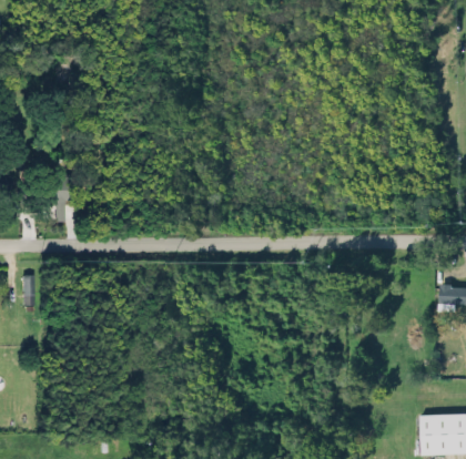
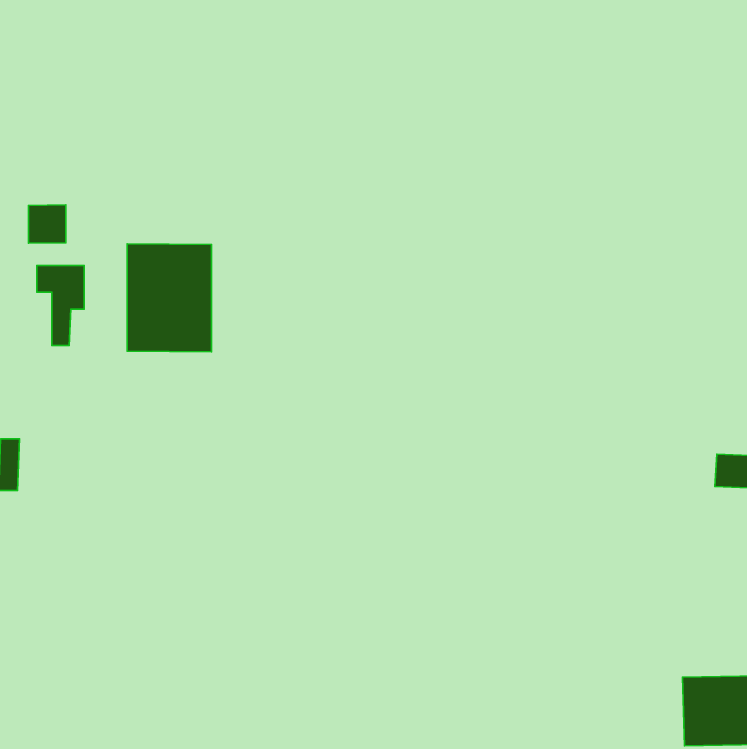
building: none -> [29,205,66,243]
building: none -> [127,244,212,352]

